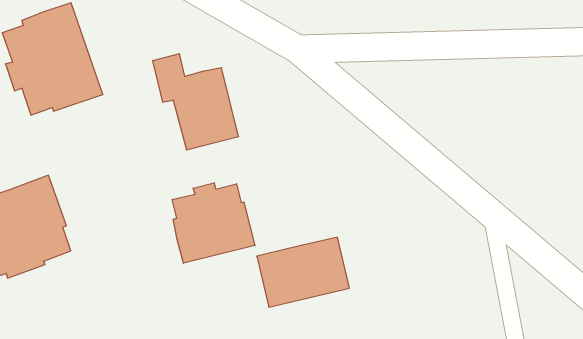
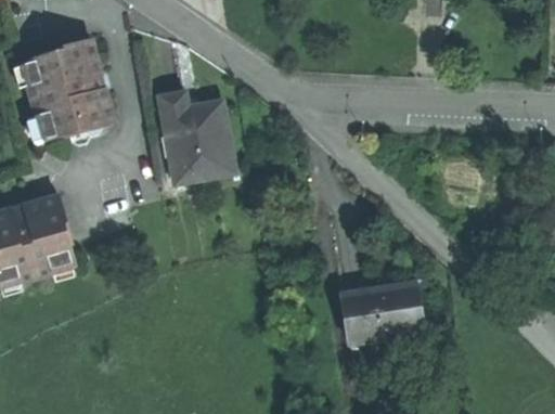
building: [172,183,255,263] -> none
building: [257,237,349,307] -> [341,282,423,340]

